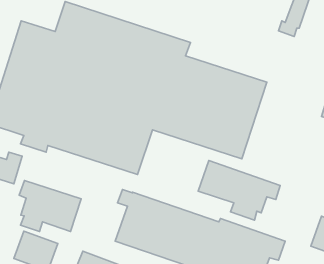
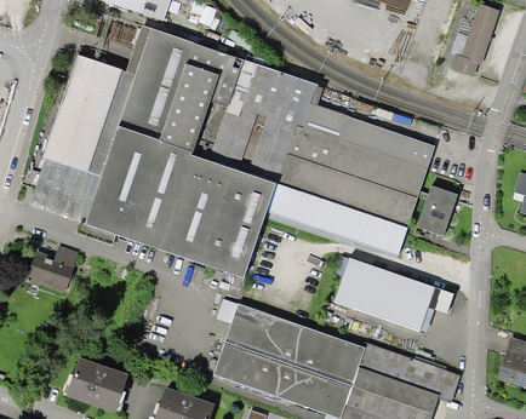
building: none -> [417,184,458,236]
building: [19,180,81,232] -> none

